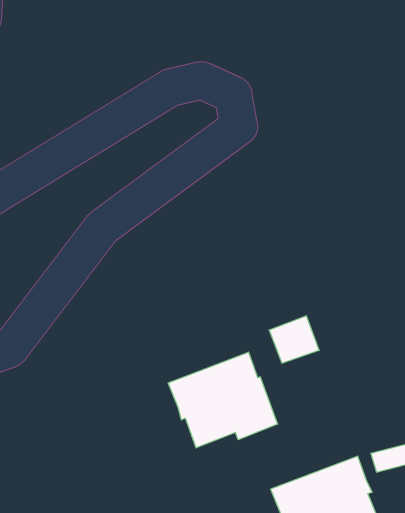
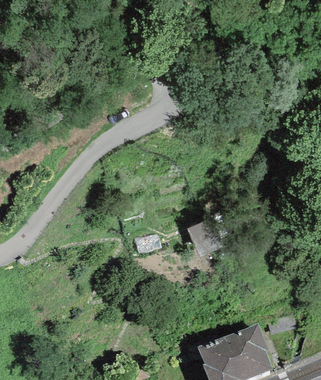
building: [168,352,277,448] -> none

